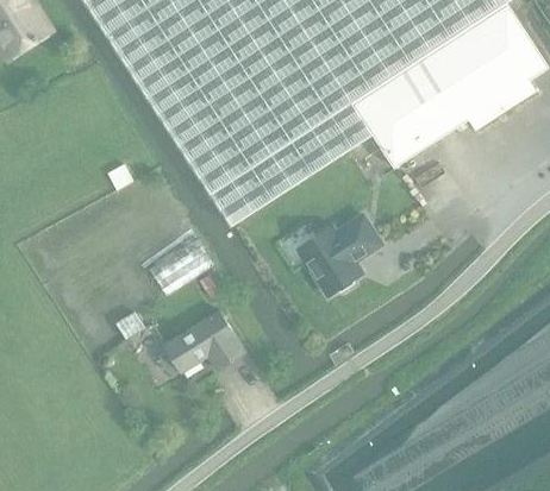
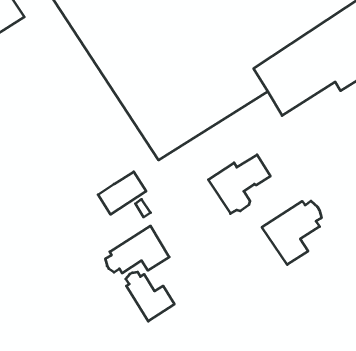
building: none -> [262,201,321,265]
building: none -> [126,272,174,321]

